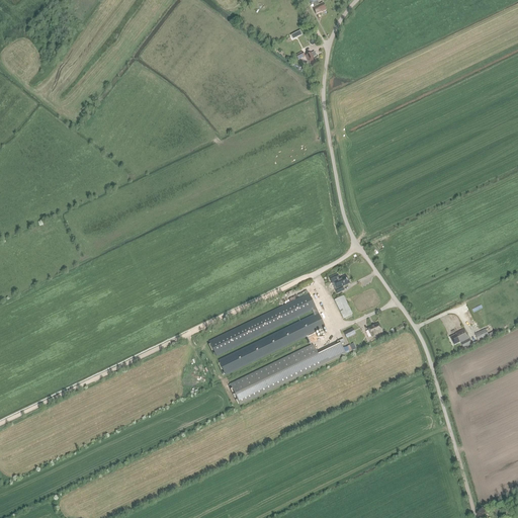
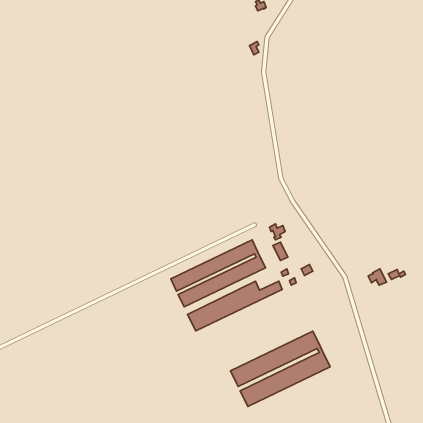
building: none -> [230,331,330,406]

